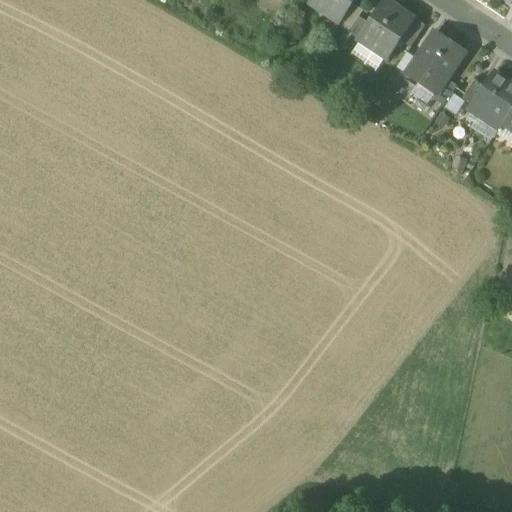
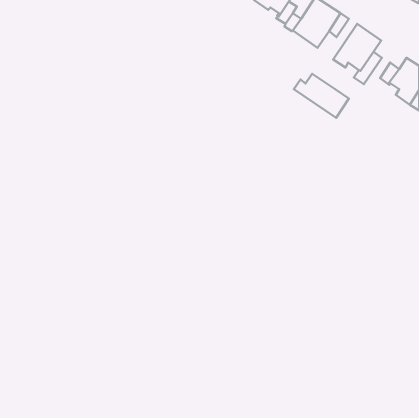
building: none -> [294,74,349,118]

